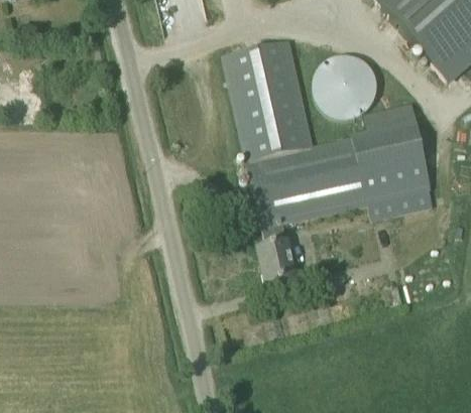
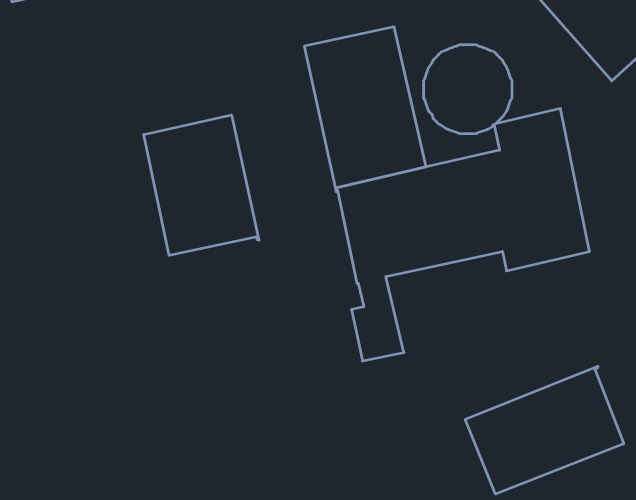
building: none -> [144,115,259,255]
building: none -> [465,366,624,494]

